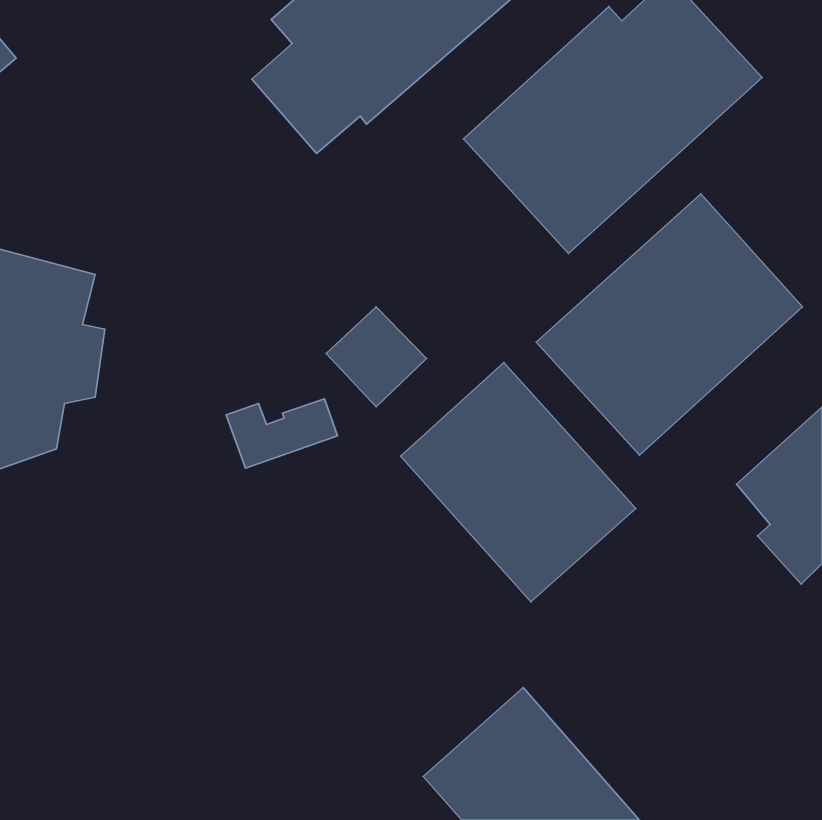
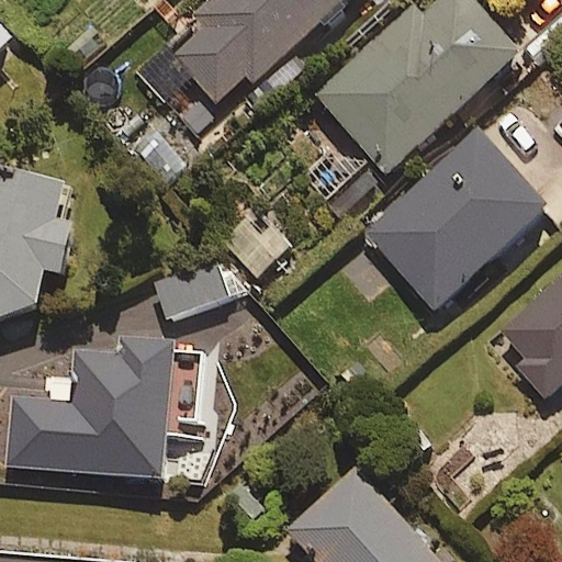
building: [400,362,636,602] -> none
building: none -> [10,339,199,474]

